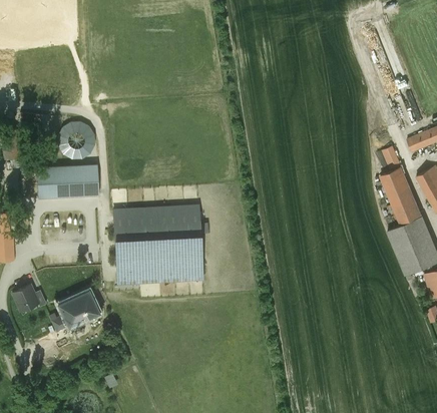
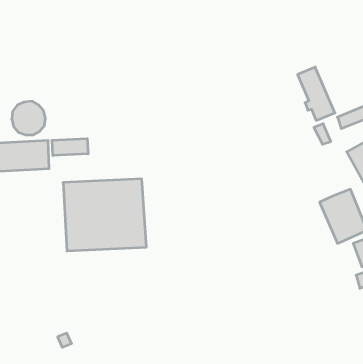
building: none -> [52,139,88,156]
building: [381,167,421,225] -> [298,67,335,120]
building: [50,289,99,330] -> none

